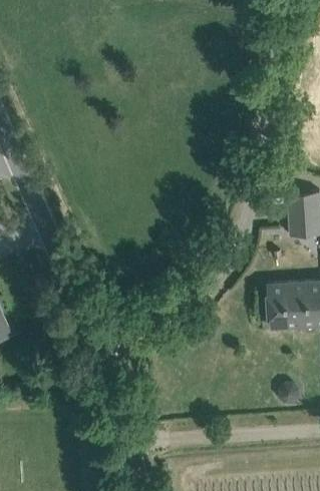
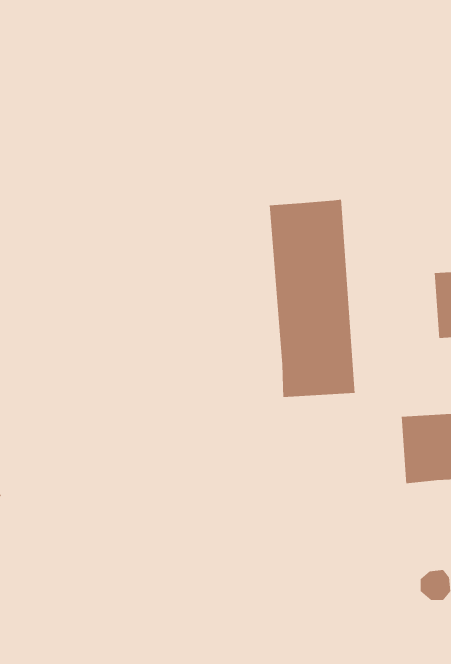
building: none -> [269,199,356,398]

